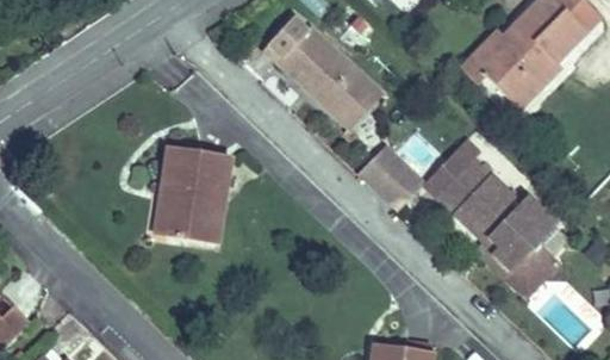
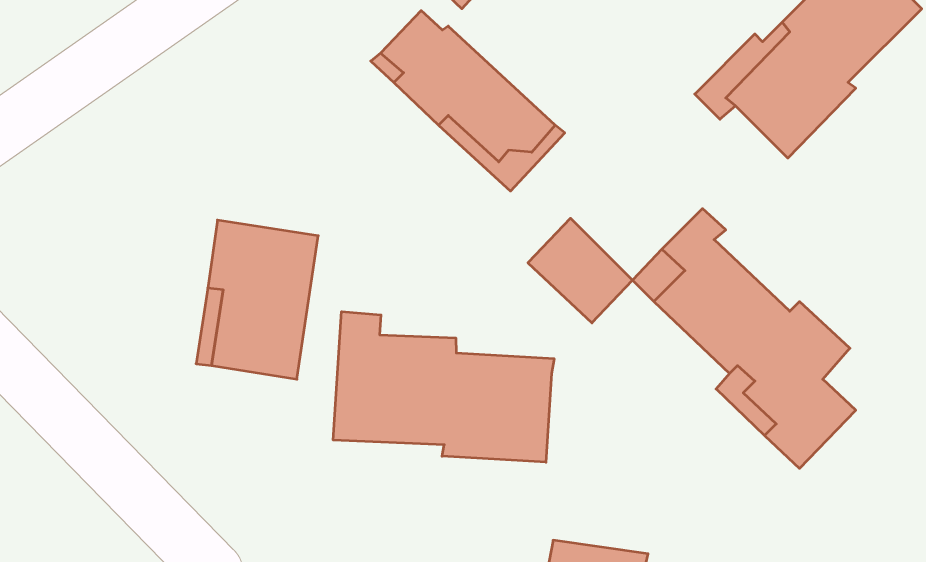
building: none -> [333,312,554,462]

